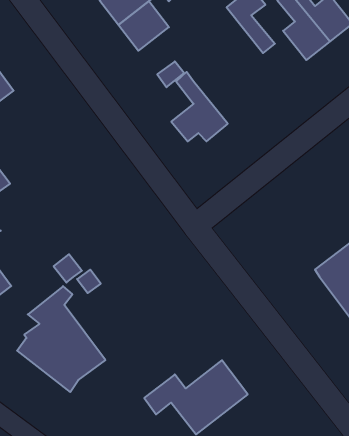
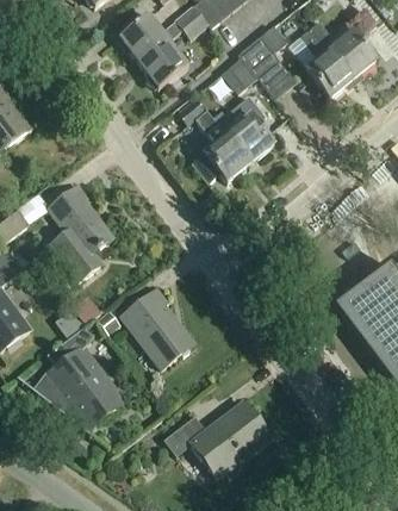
building: none -> [222,43,285,98]
building: none -> [214,110,273,161]
building: none -> [49,183,114,279]
building: none -> [120,286,193,366]

